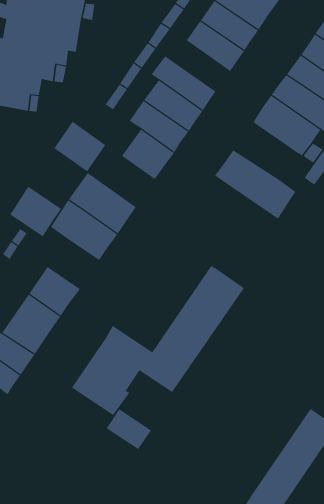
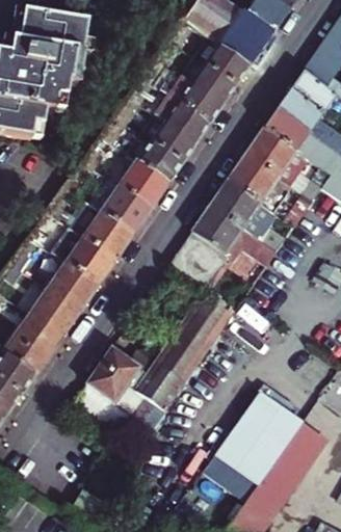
building: none -> [162,69,225,123]
building: [54,121,106,172] -> [103,184,153,233]
building: none -> [227,152,289,207]
building: none -> [169,203,280,290]
building: [9,186,62,237] -> [50,262,100,311]
building: none -> [205,395,300,503]
building: [106,408,152,450] -> [126,389,169,428]

